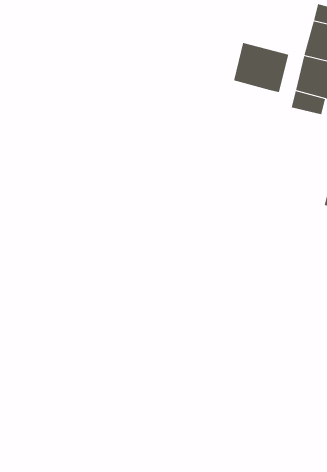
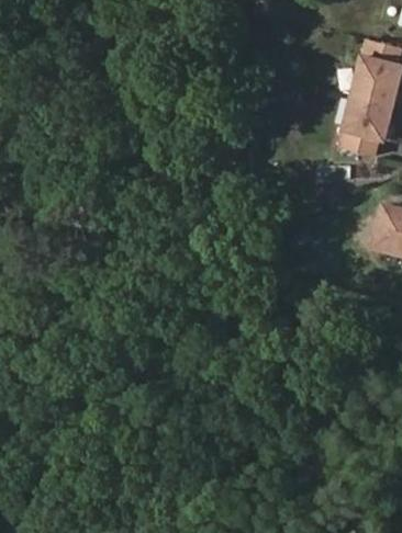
building: [233,42,289,93] -> none

